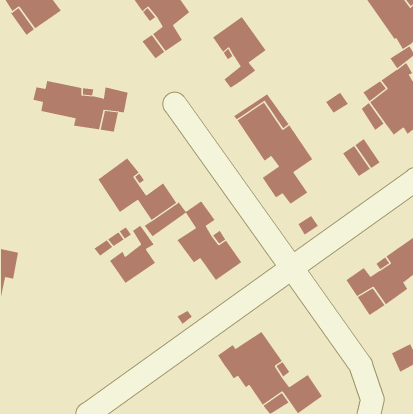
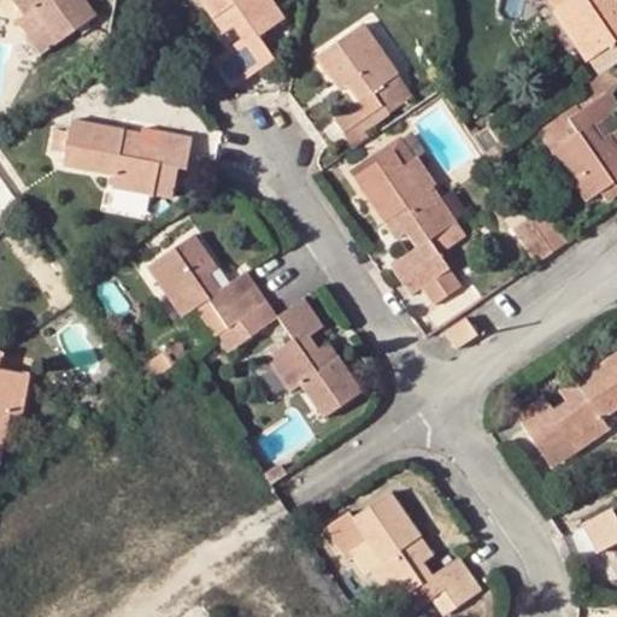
building: none -> [345,75,415,148]
building: [109,225,156,284] -> none

